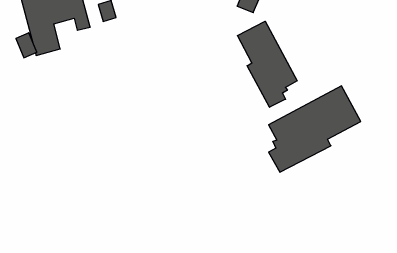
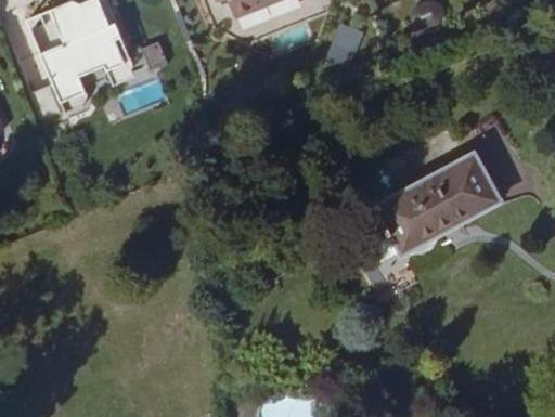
building: [237,21,297,107] -> none

